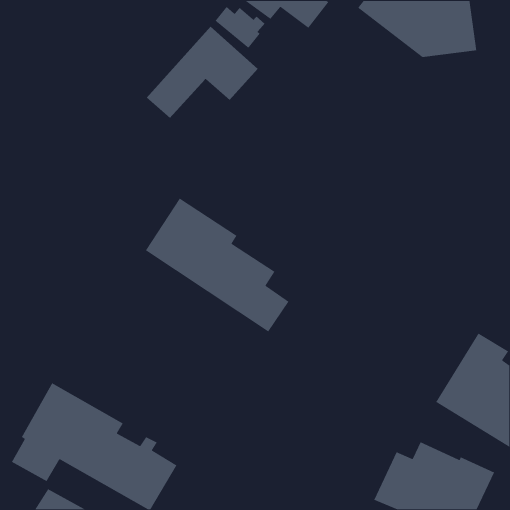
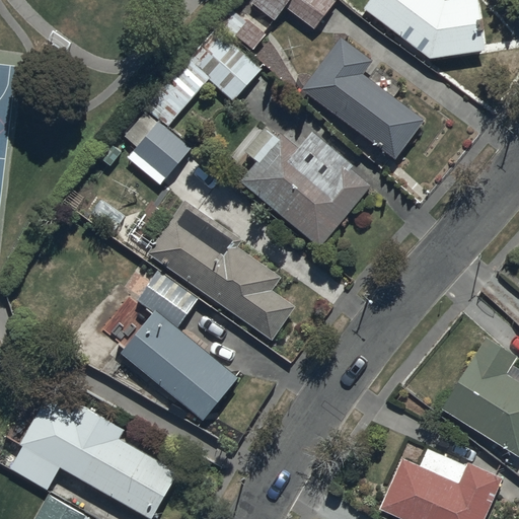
building: none -> [301,39,425,159]
building: none -> [124,112,190,187]
building: none -> [239,127,371,247]
building: none -> [121,271,239,419]

